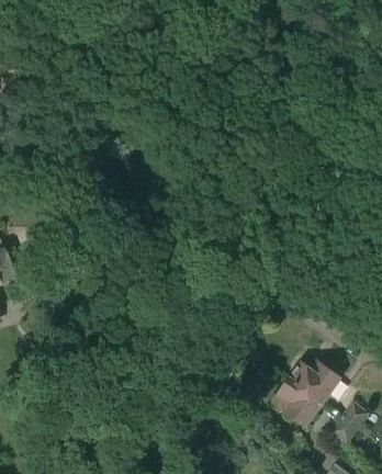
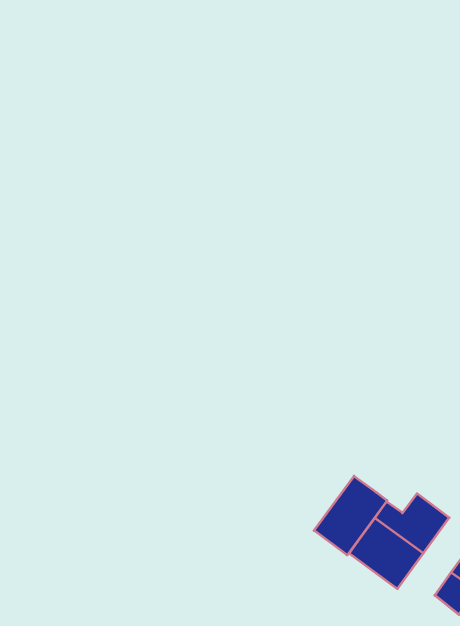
building: none -> [314,476,387,555]

